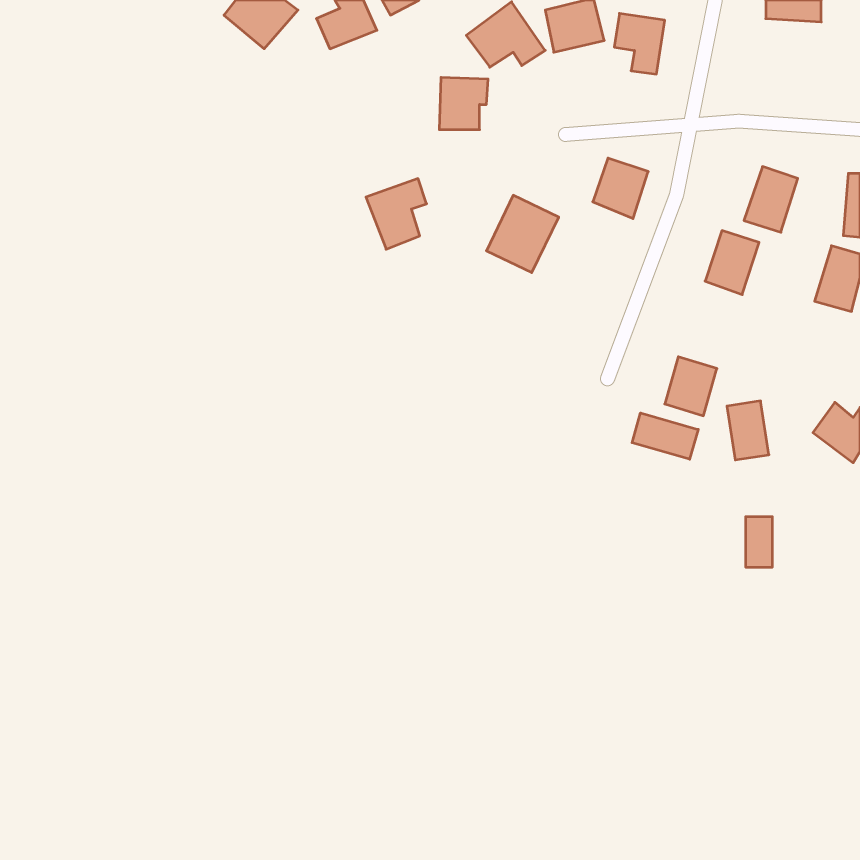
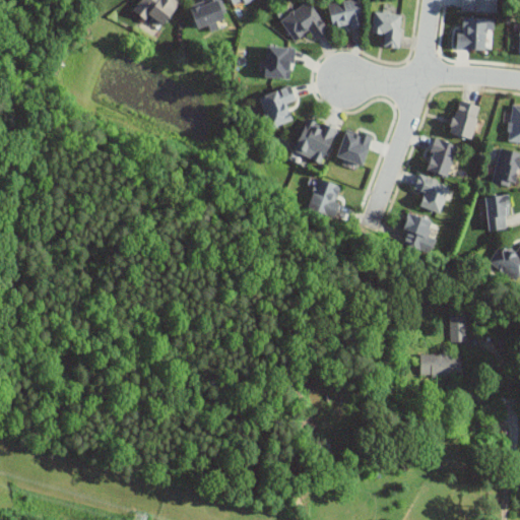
building: none -> [459,19,494,50]
building: [593,158,648,219] -> [337,127,371,164]
building: [366,179,427,249] -> [259,86,296,129]
building: none -> [413,176,450,214]
building: none -> [308,180,342,217]
building: [727,401,769,460] -> [484,196,510,232]
building: [632,413,698,459] -> none
building: none -> [420,354,462,377]

